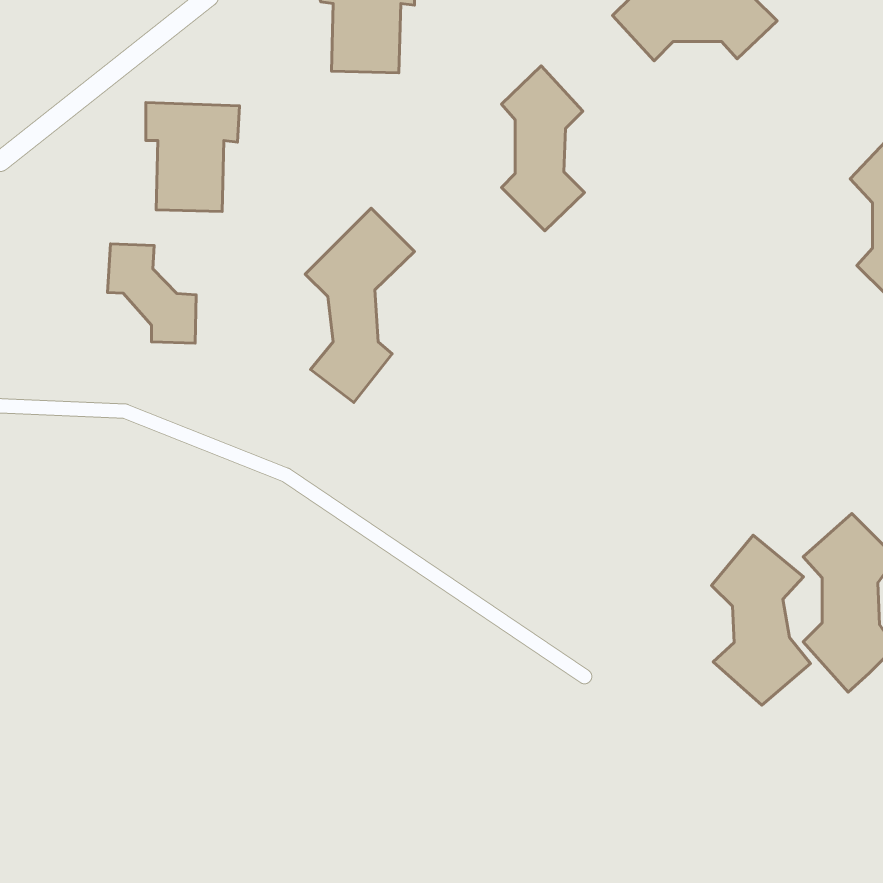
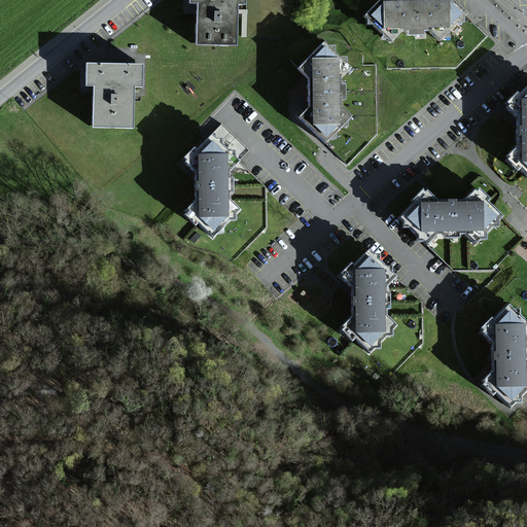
building: [108,244,196,343] -> none
building: none -> [397,188,503,244]
building: [712,535,810,705] -> [339,251,397,352]

